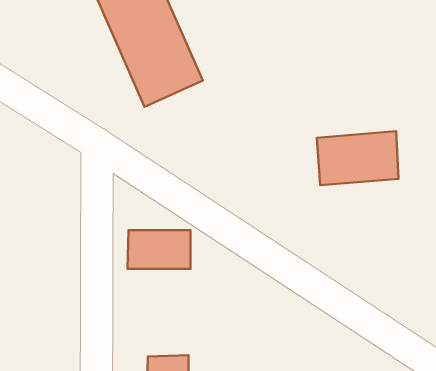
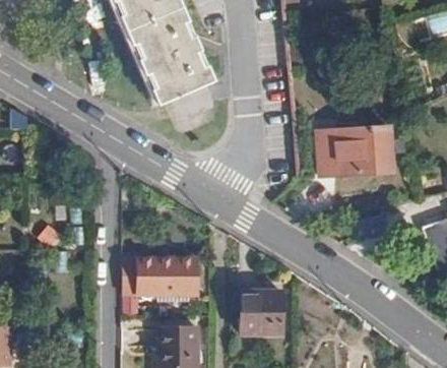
building: [127,230,190,269] -> [138,260,196,296]
building: none -> [241,291,282,335]

